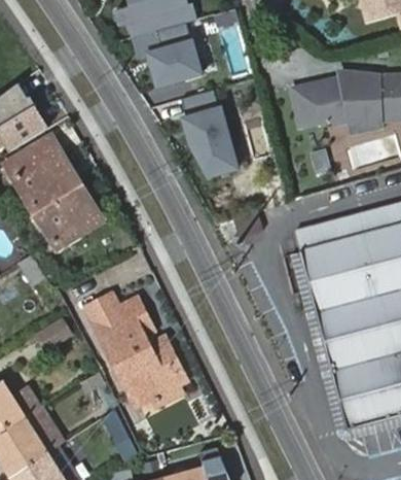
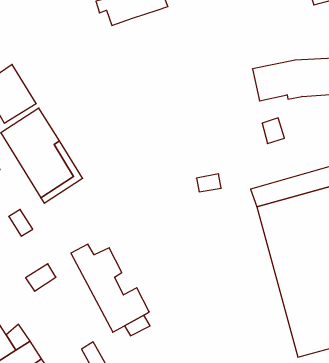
building: [149,23,205,88] -> none
building: [185,90,245,175] -> none

